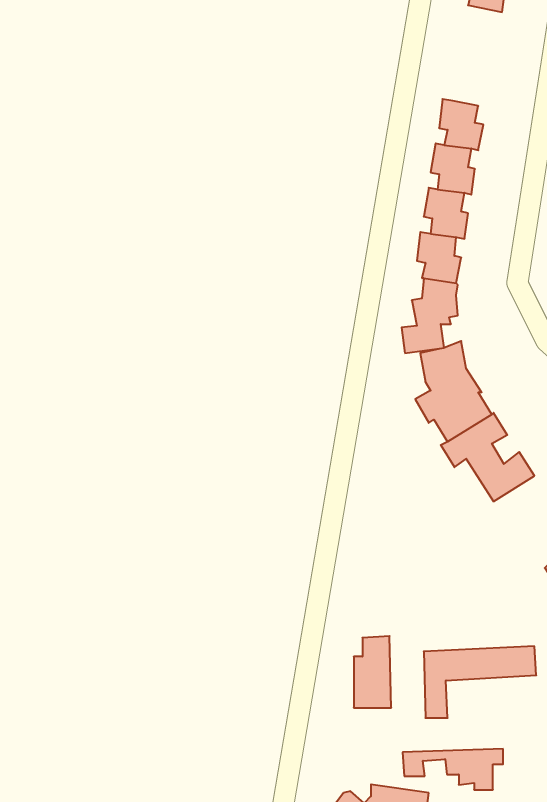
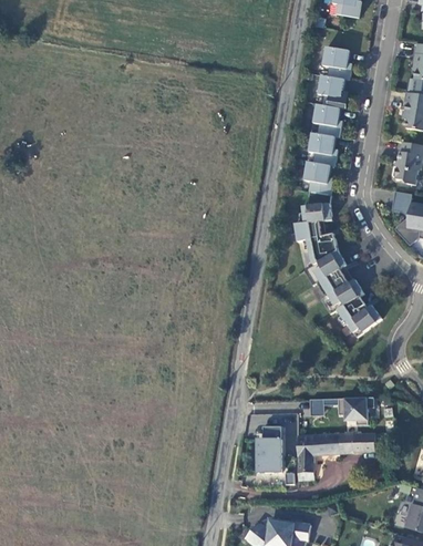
building: none -> [321,47,350,80]
building: [403,749,503,790] -> [312,395,378,422]

